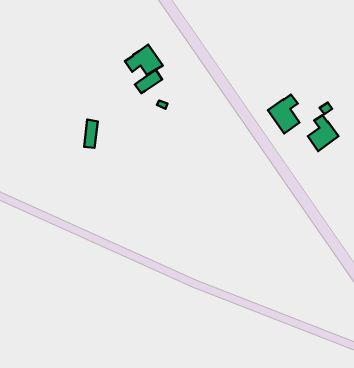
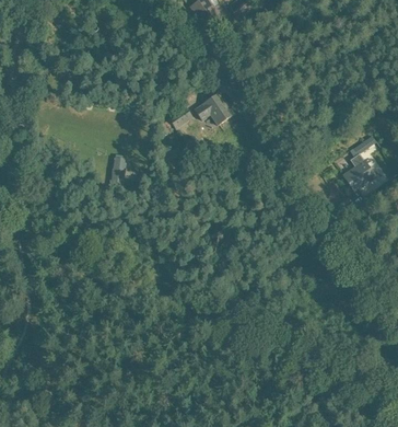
building: [125,44,163,75] -> [194,92,233,124]
building: [268,95,300,133] -> none

